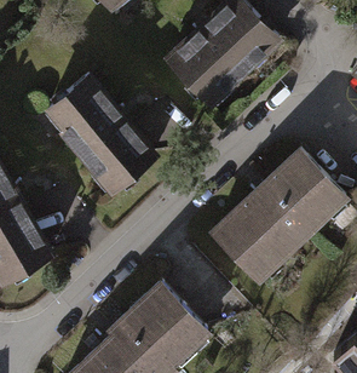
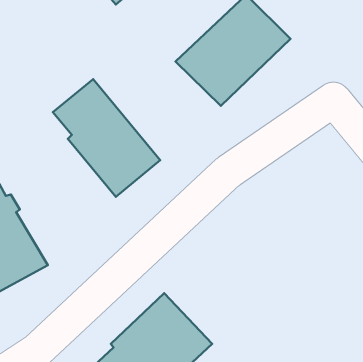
building: [212,150,344,279] -> none

